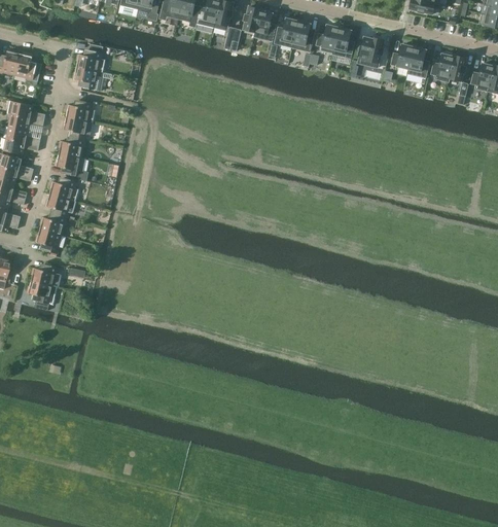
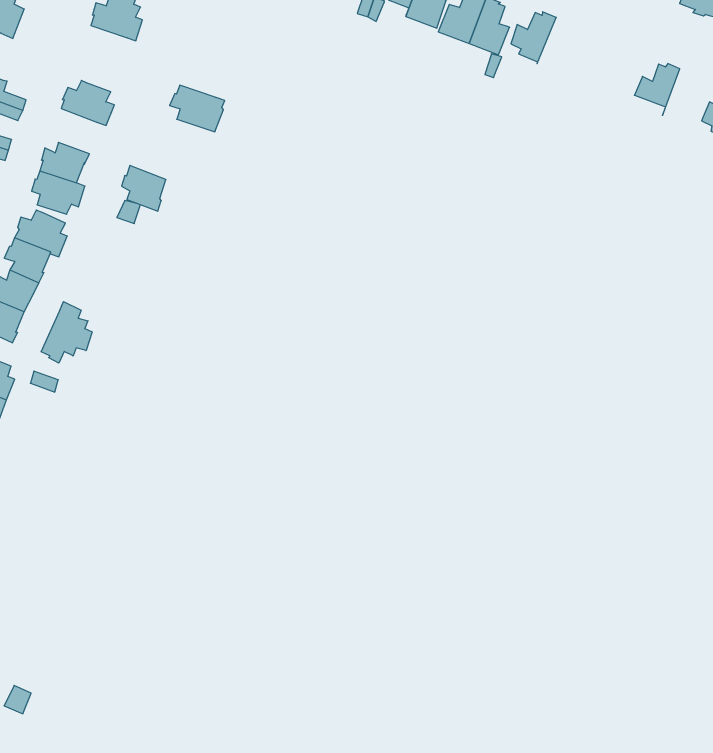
building: [332,27,355,58] -> none
building: [358,38,384,68] -> none
building: [407,46,429,78] -> none
building: [72,68,103,92] -> [170,85,225,132]
building: [63,117,87,141] -> [122,165,166,211]
building: none -> [41,302,92,363]

